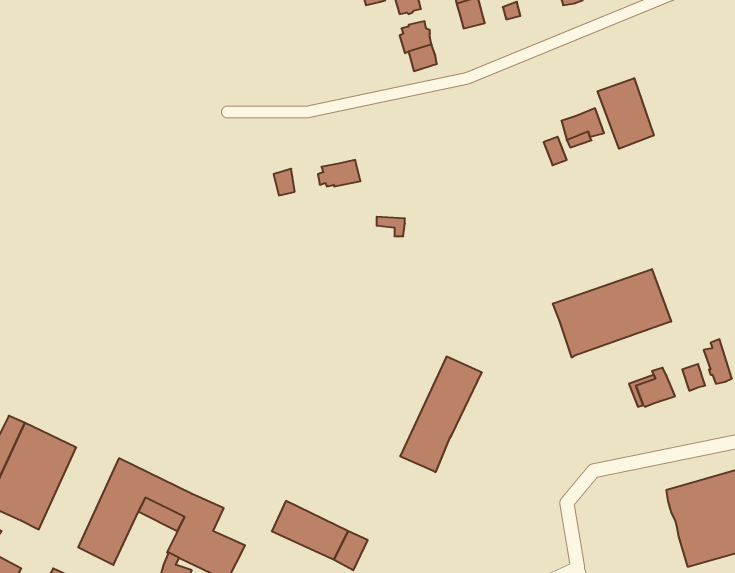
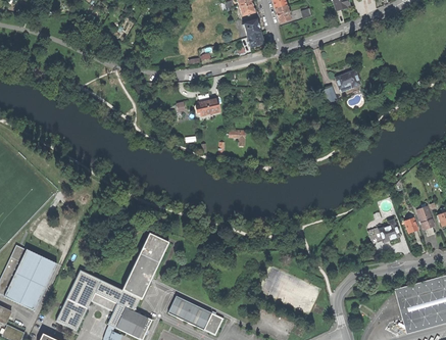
building: [598,78,654,149] -> none
building: [553,269,671,358] -> none
building: [400,357,482,472] -> [122,234,169,300]

